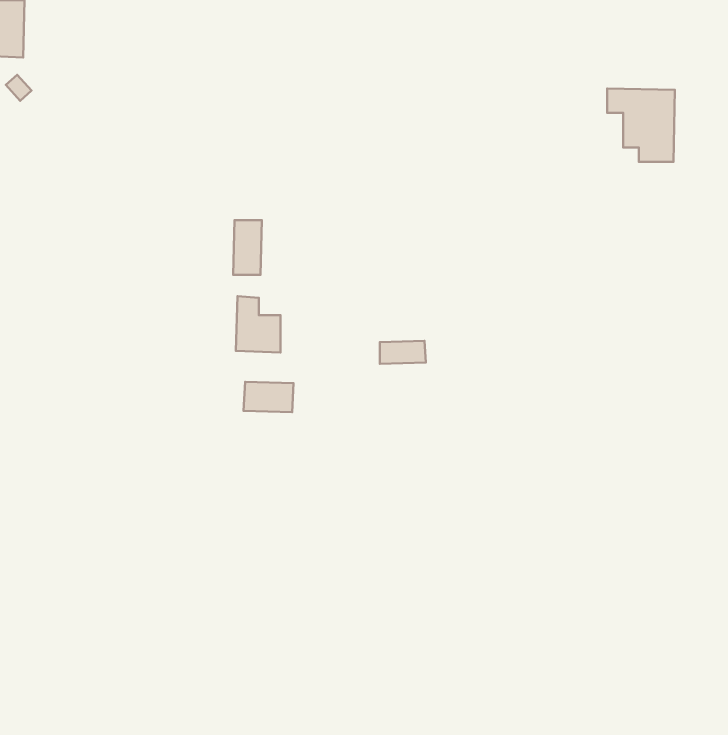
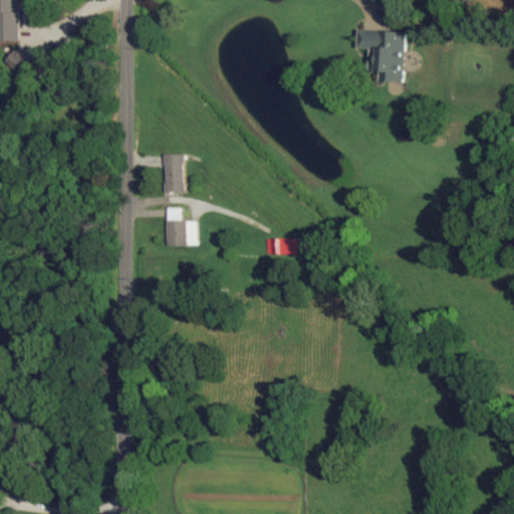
building: [607,88,675,162] -> [355,30,403,81]
building: [244,382,294,412] -> none

